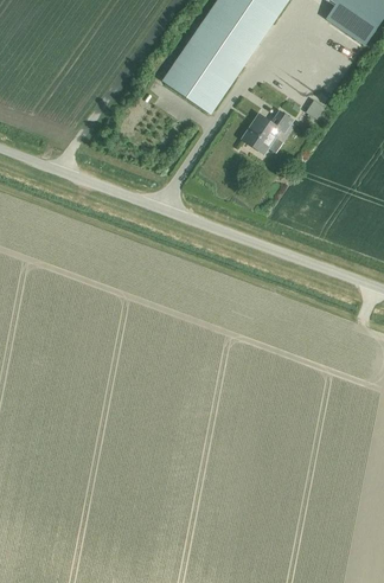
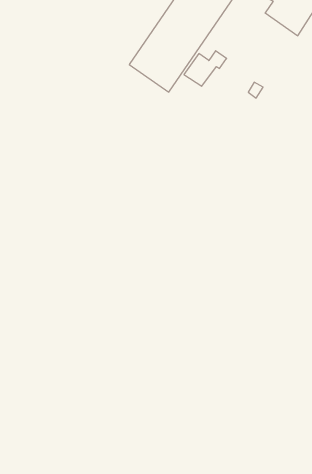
building: [242,110,293,153] -> [184,51,227,86]

